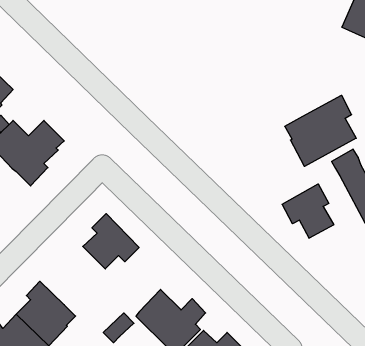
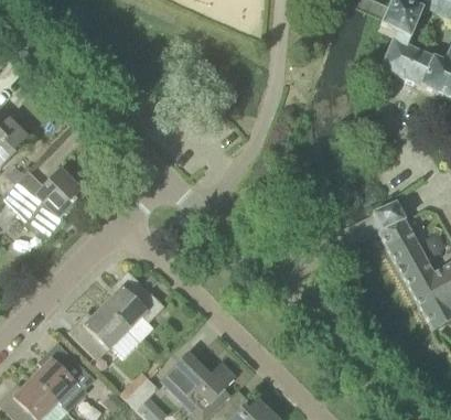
building: [285,95,356,166] -> none
building: [282,184,334,238] -> none
building: none -> [68,304,128,359]

